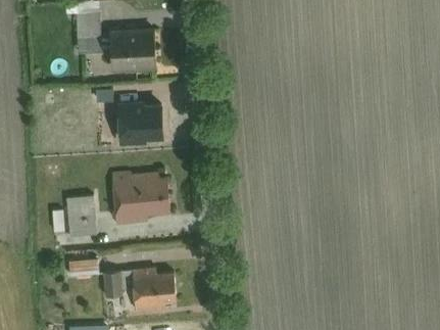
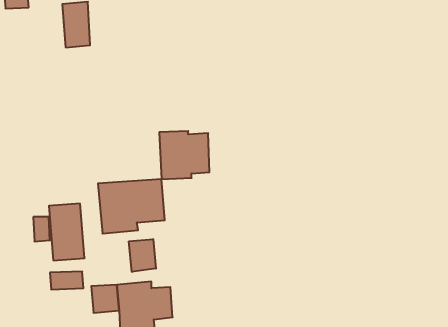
building: [112,27,160,69] -> none
building: [112,100,158,144] -> [159,131,209,179]
building: none -> [129,239,156,272]

